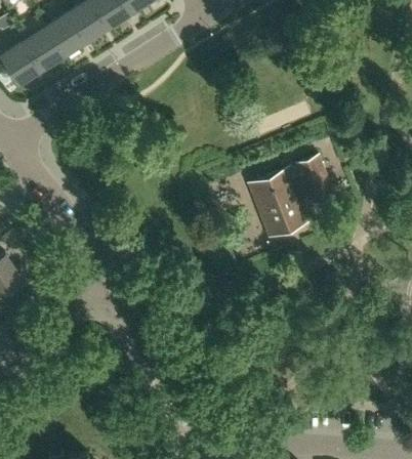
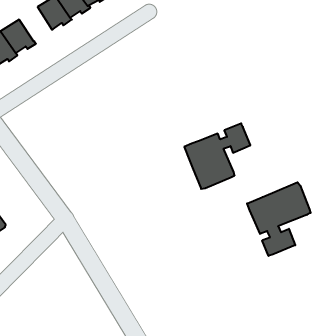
building: [45,15,87,57] -> none
building: none -> [247,182,311,256]

